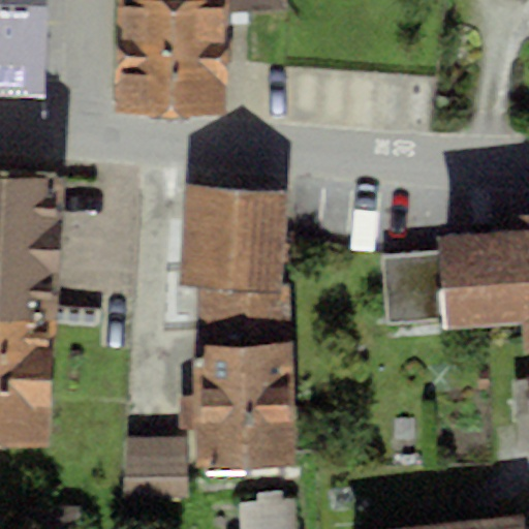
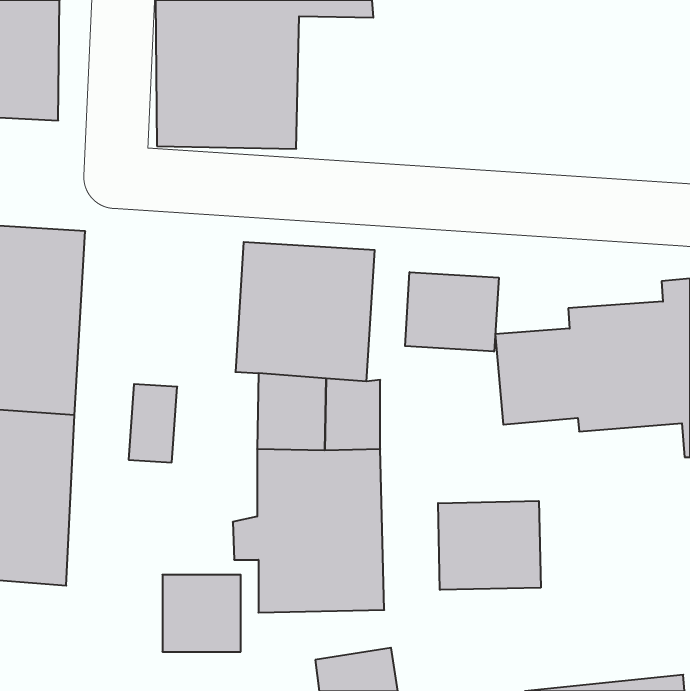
building: none -> [405,272,499,352]
building: none -> [438,501,541,590]

